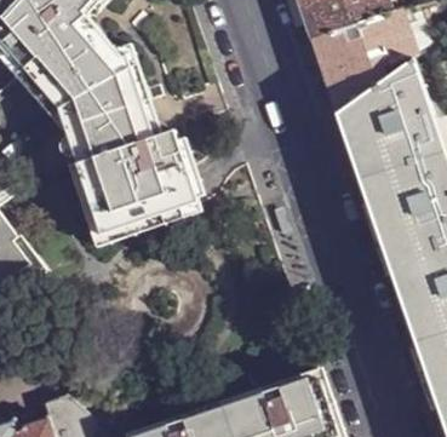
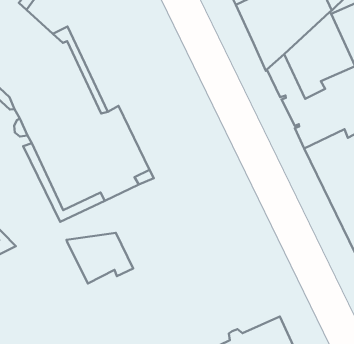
building: none -> [67,233,133,283]

